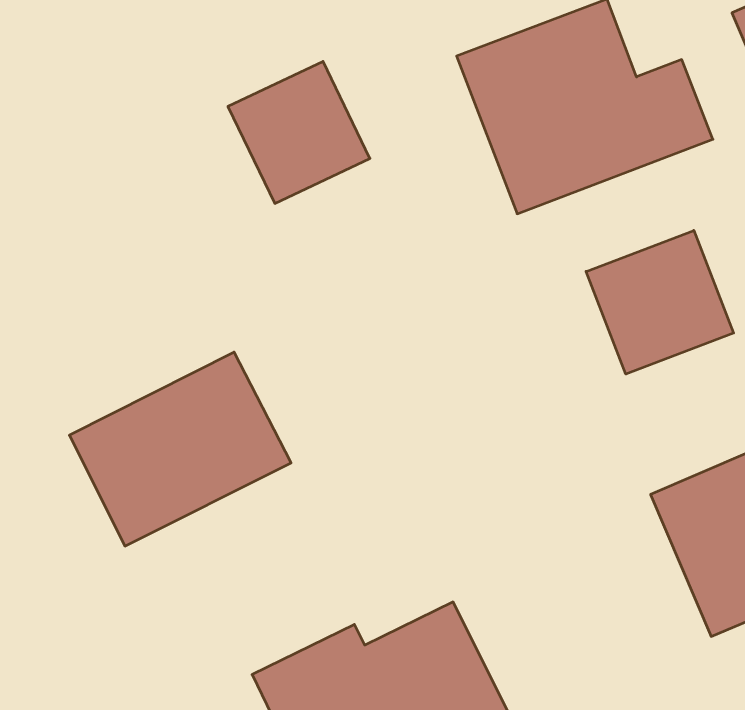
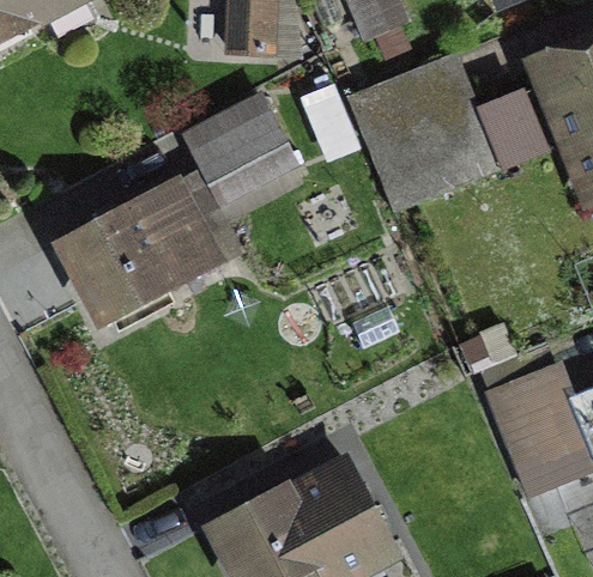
building: [586,230,734,374] -> none
building: [69,352,291,546] -> [59,186,212,320]

